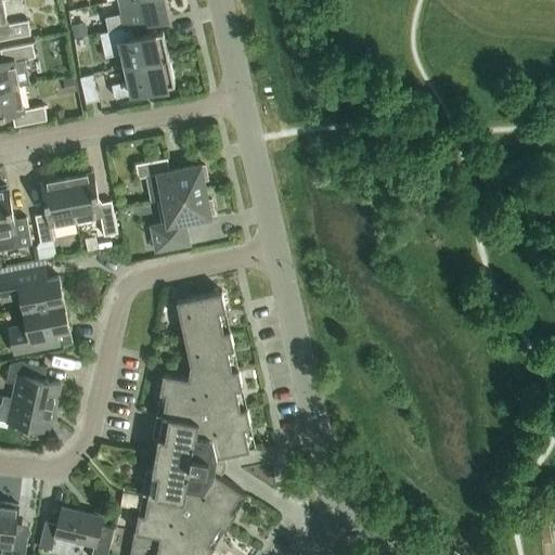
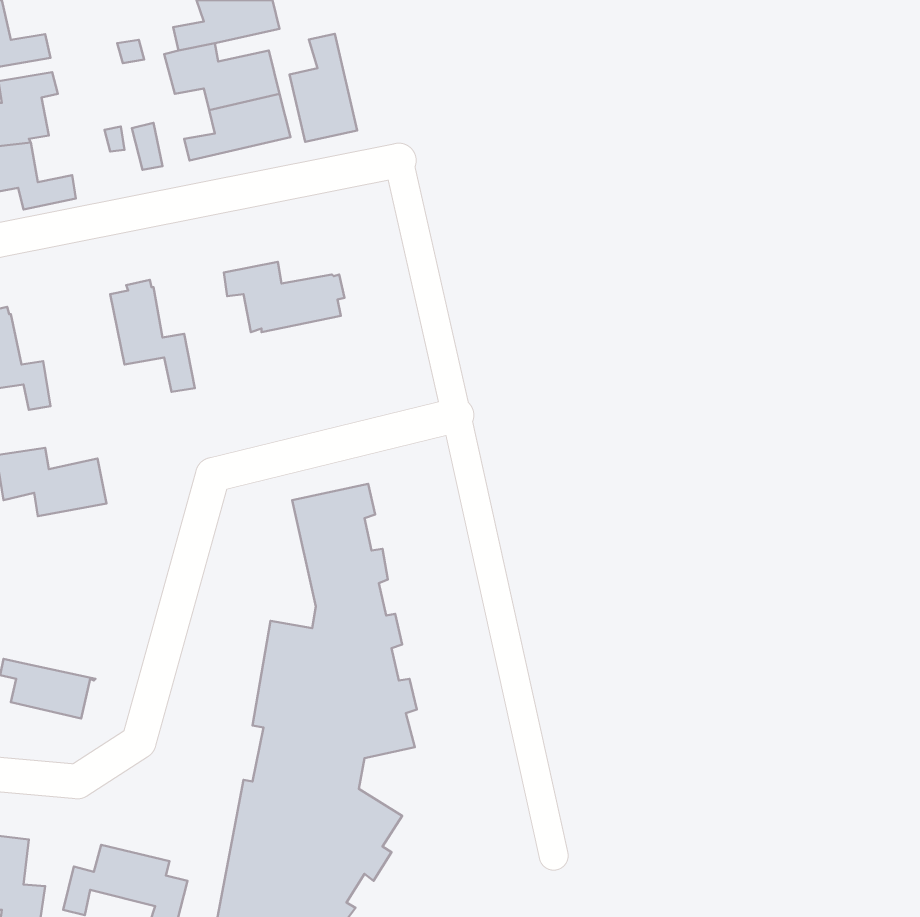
building: none -> [290,34,357,142]
building: [35,178,75,245] -> none
building: [146,193,214,256] -> none
building: [8,306,69,357] -> none
building: [5,365,60,411] -> none

